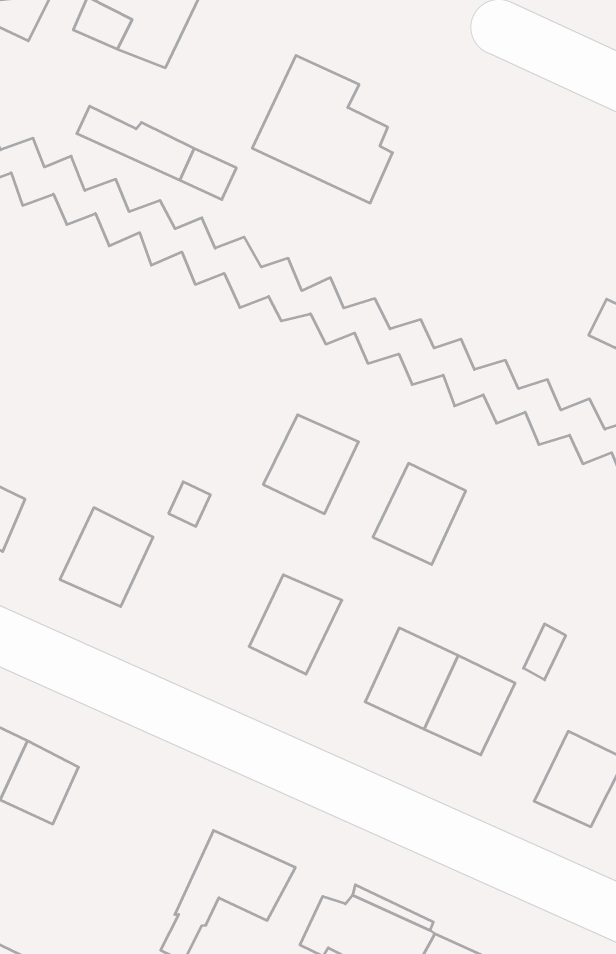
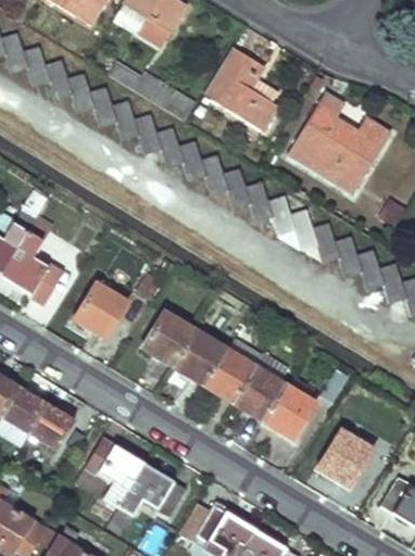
building: none -> [289,93,392,193]
building: [263,415,359,514] -> [141,311,196,366]
building: [373,463,466,565] -> [202,346,255,403]
building: none -> [85,440,142,507]

